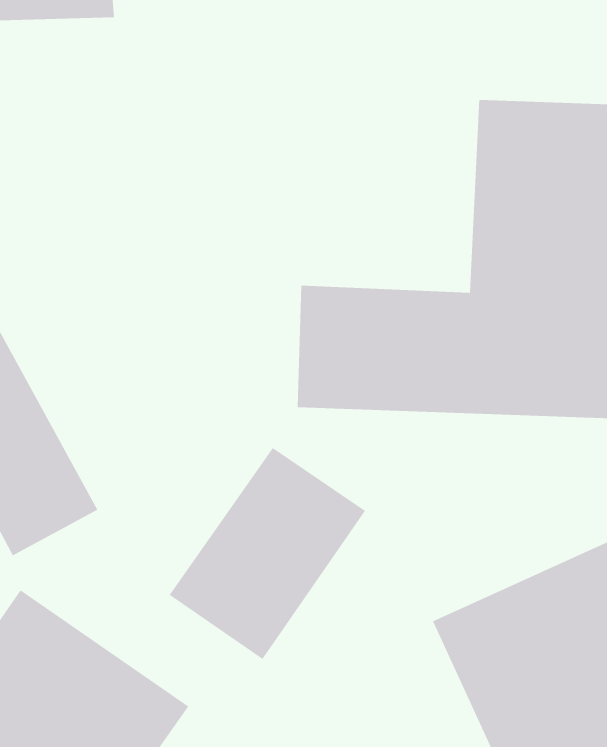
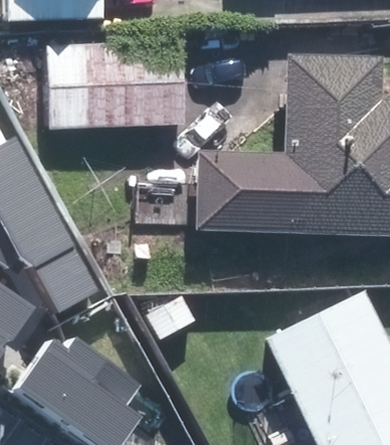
building: none -> [50,48,172,126]
building: [169,447,366,660] -> none

